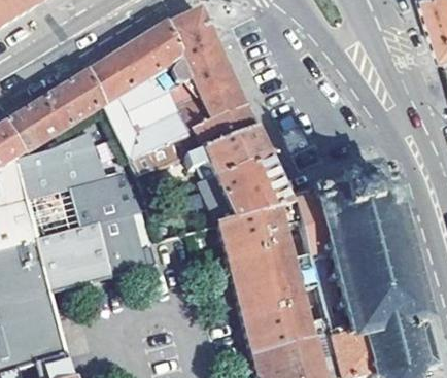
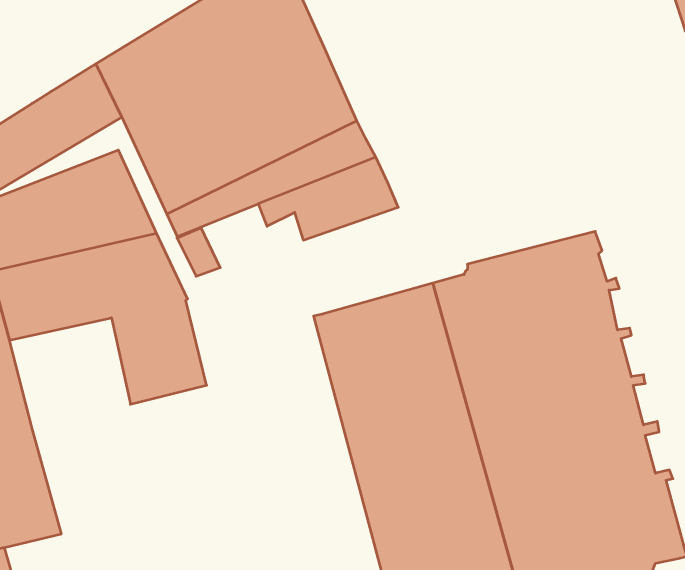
building: [208,157,287,220] -> none
building: [35,222,107,288] -> none

